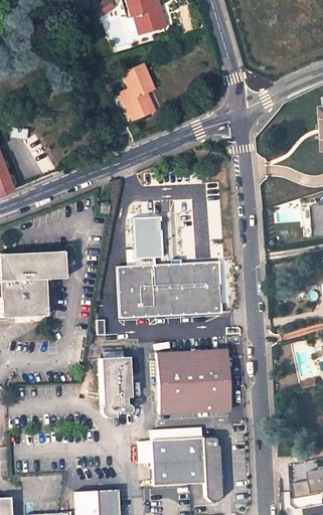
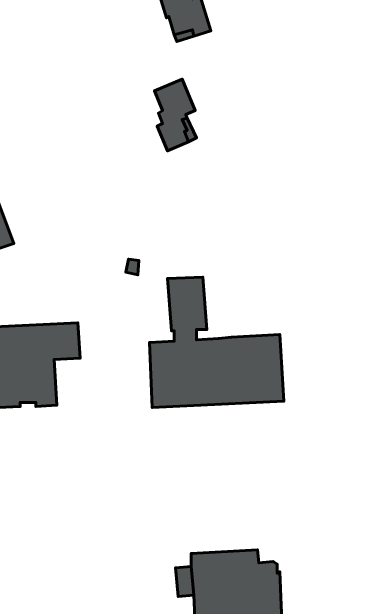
building: [157,349,229,413] -> none
building: [100,357,131,417] -> none

